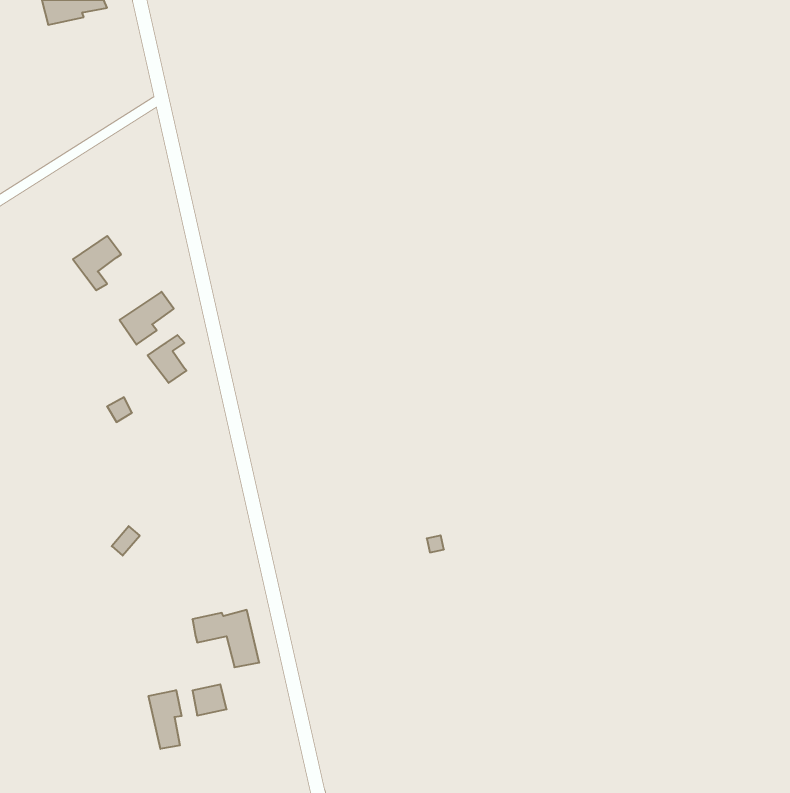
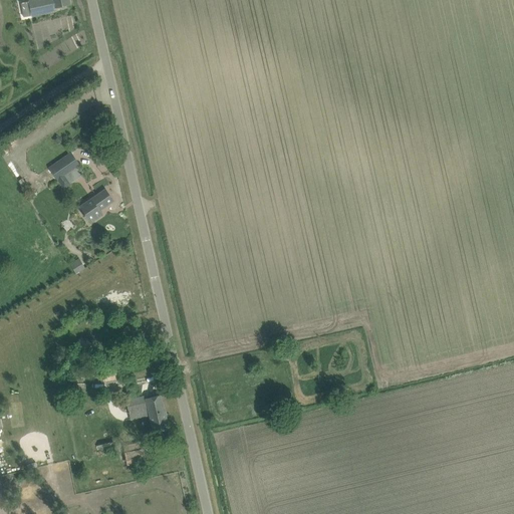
building: [148,335,186,383] -> none
building: [149,690,182,749] -> none

